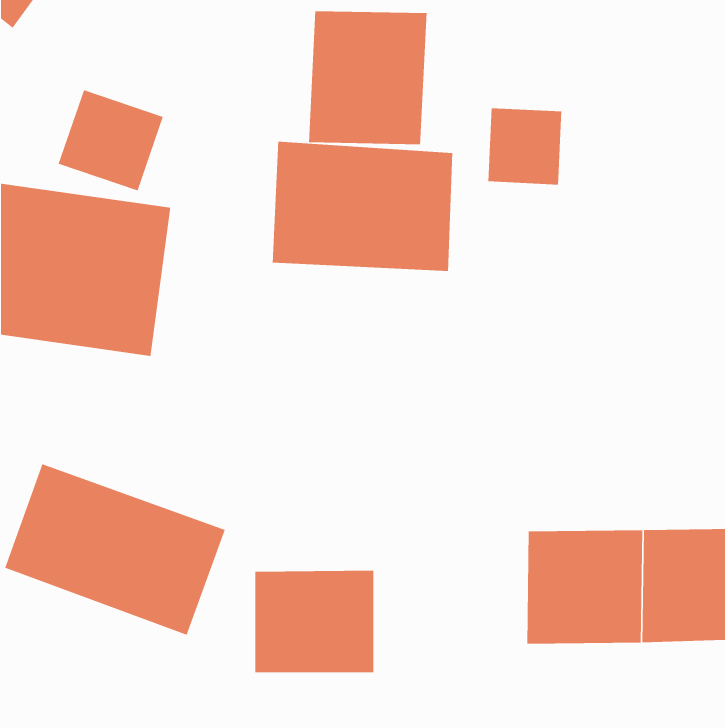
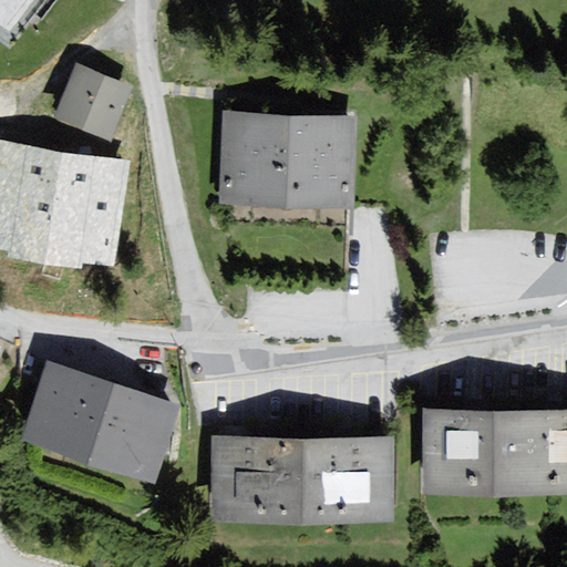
building: [308,10,427,145] -> none
building: [488,108,562,185] -> none
building: none -> [296,439,392,518]

